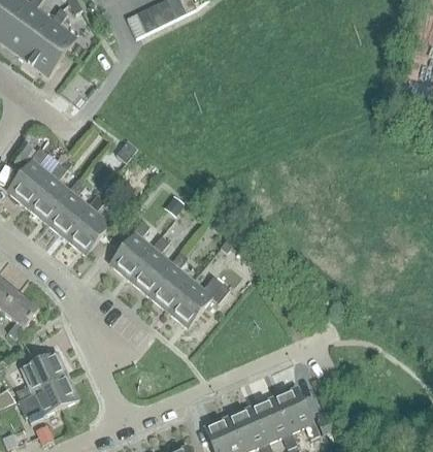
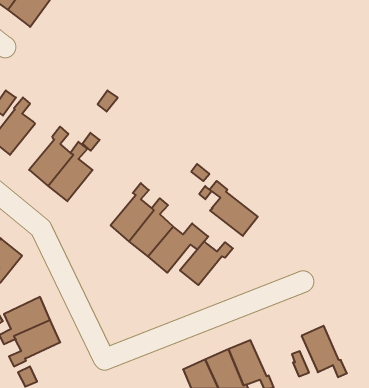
building: [26,162,71,222] -> none
building: [109,220,155,279] -> none
building: none -> [209,181,258,236]
building: none -> [180,241,233,285]
building: [272,386,319,439] -> [302,326,347,377]

